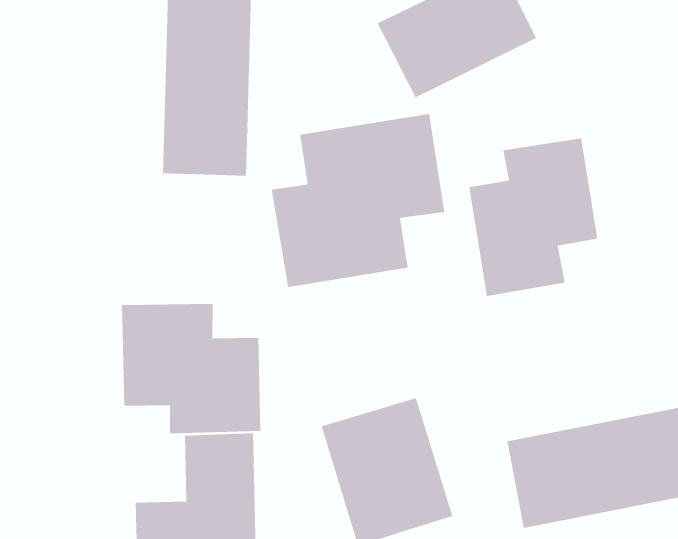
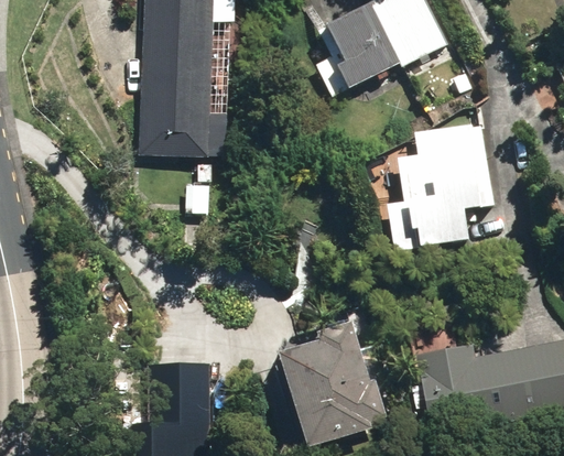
building: [271,113,445,288] -> none
building: [121,303,261,434] -> none

